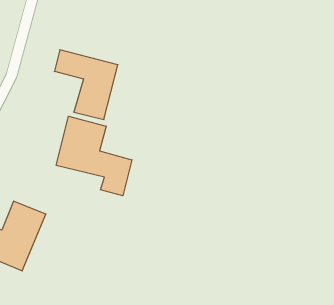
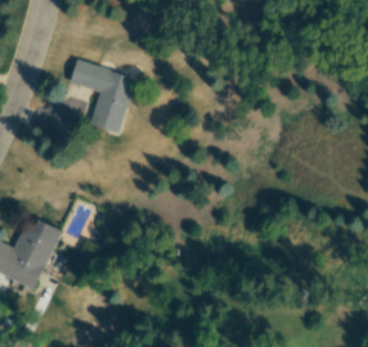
building: [56,116,132,196] -> none

